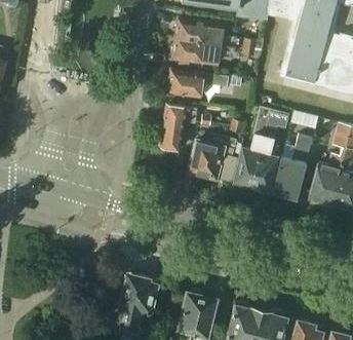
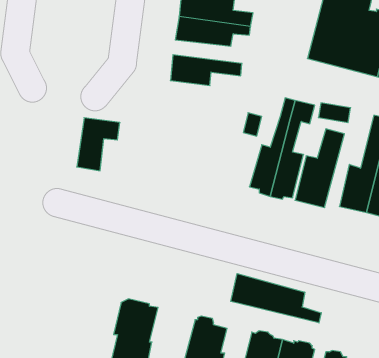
building: [160,105,196,149] -> [77,118,120,171]
building: [189,136,236,182] -> none
building: none -> [231,274,321,323]

